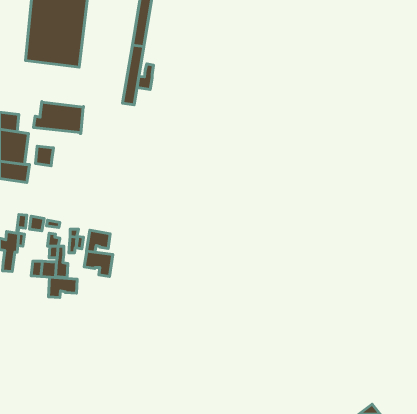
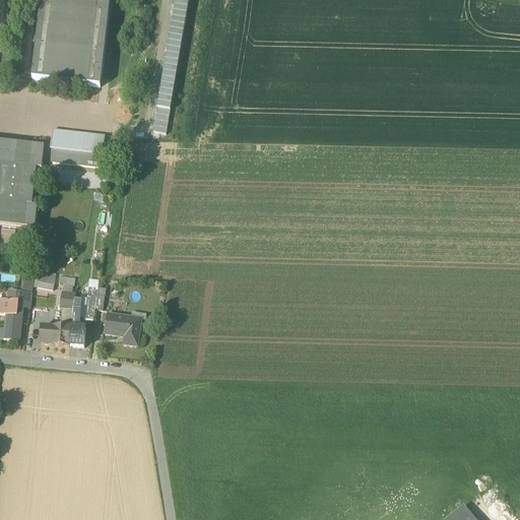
building: [137,64,153,90] -> none
building: [35,146,53,166] -> [21,142,44,167]
building: [87,230,110,252] -> none
building: [48,277,77,297] -> none

